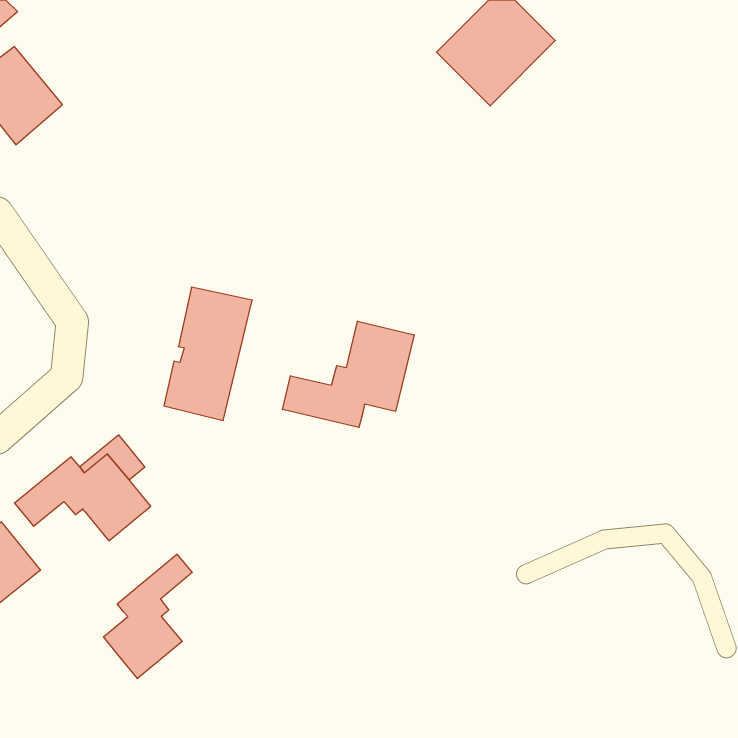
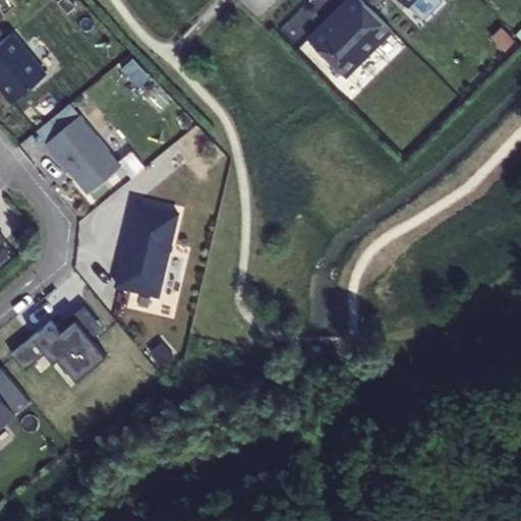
building: none -> [36,105,119,195]
building: [283,321,414,428] -> none
building: [103,554,192,679] -> none

